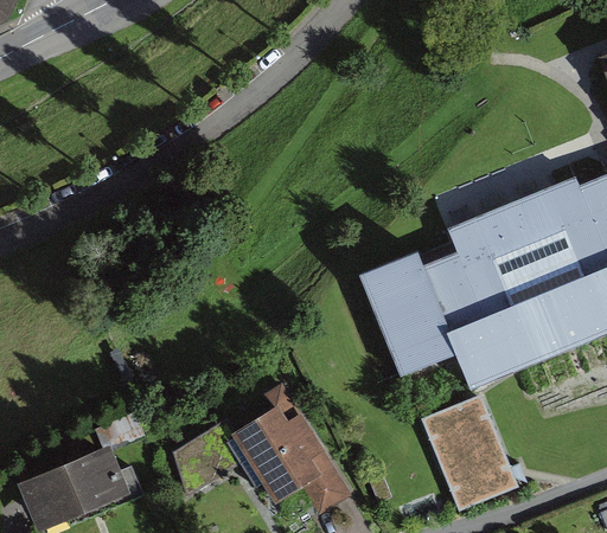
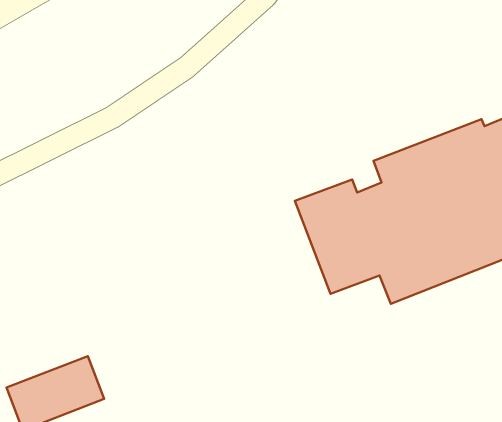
building: [417,398,512,513] -> none
building: [170,399,350,516] -> none

